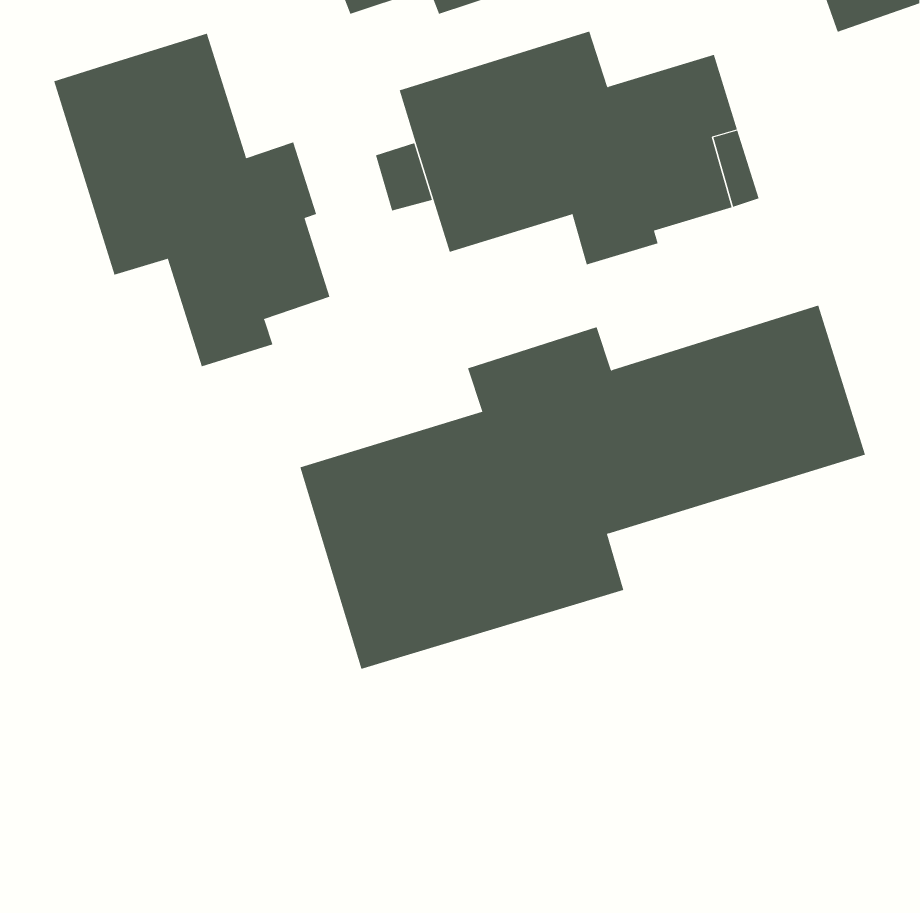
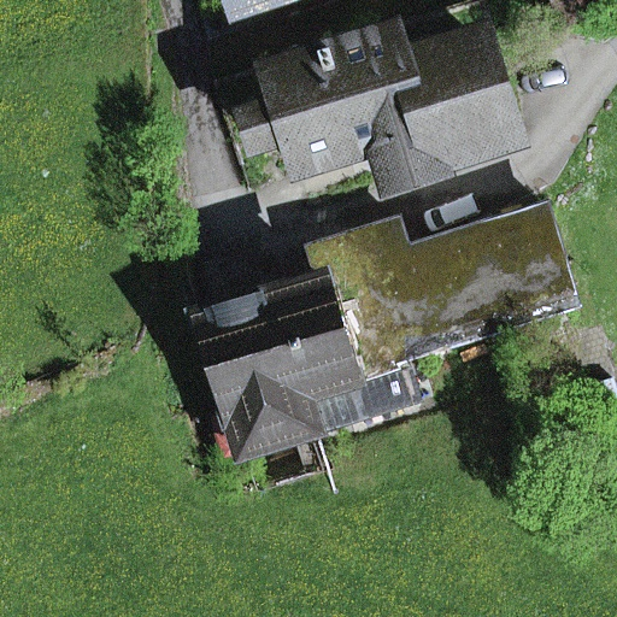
building: [53,33,330,367] -> none

